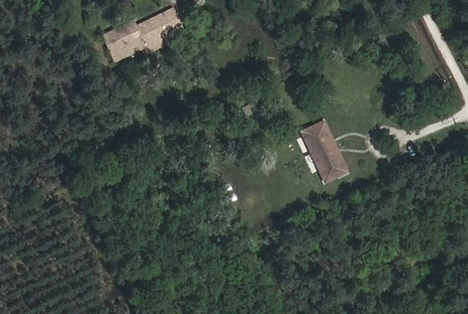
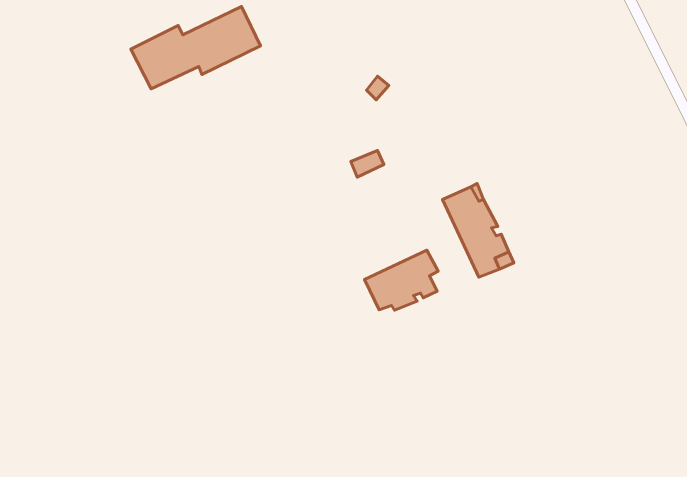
building: none -> [364,250,438,310]

